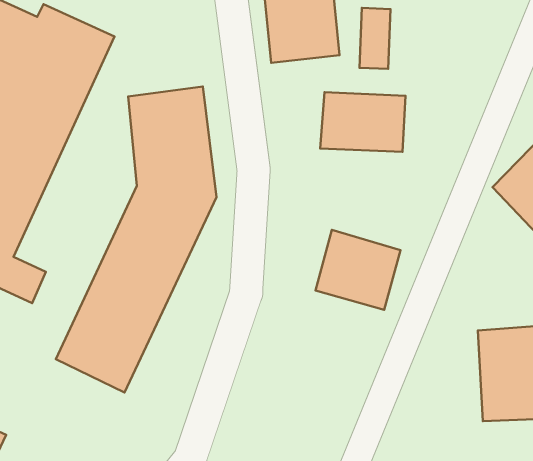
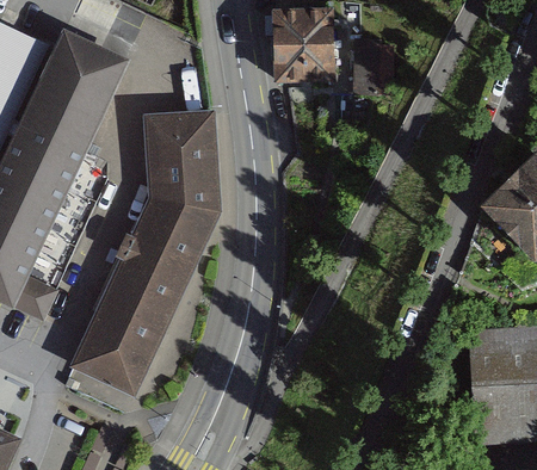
building: [320,92,406,152] -> none
building: [315,230,400,310] -> none

